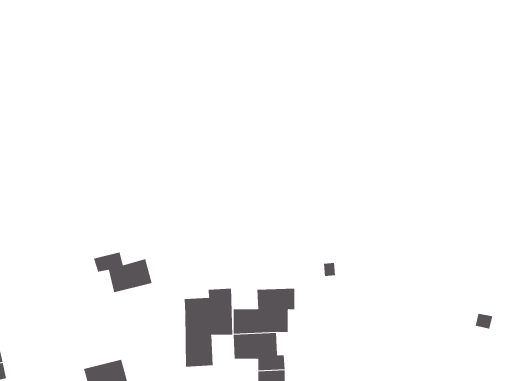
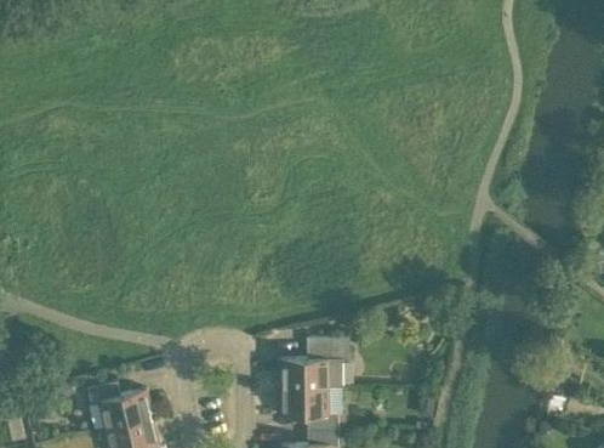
building: [93,252,152,293] -> [86,384,153,430]
building: [184,288,233,367] -> none

